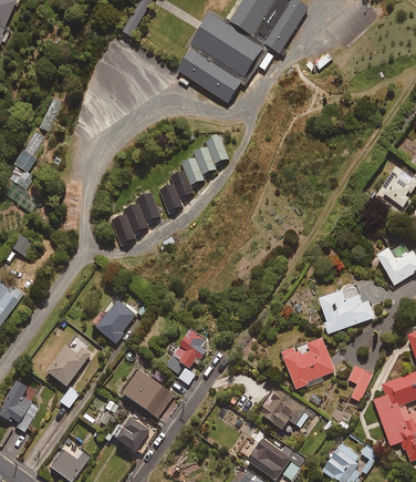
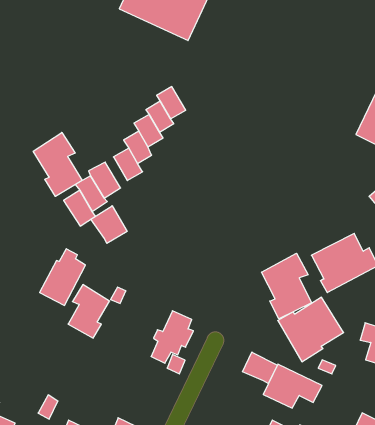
building: none -> [33,132,82,196]
building: none -> [91,206,127,243]
building: none -> [262,253,312,319]
building: [46,337,90,386] -> [40,249,85,305]
building: [123,370,173,417] -> none
building: none -> [242,352,277,383]

